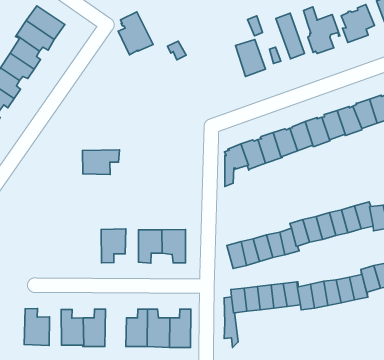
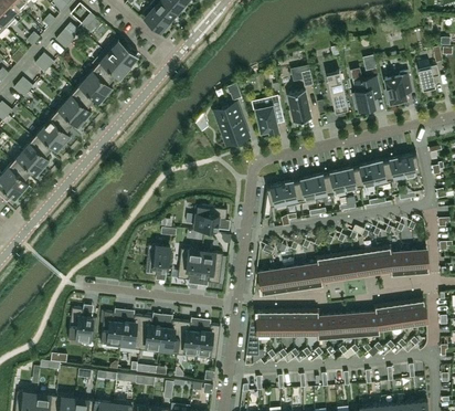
building: [118,12,153,55] -> [218,106,247,144]
building: none -> [255,96,282,134]
building: [83,150,120,174] -> [192,207,228,231]
building: none -> [139,317,161,352]

